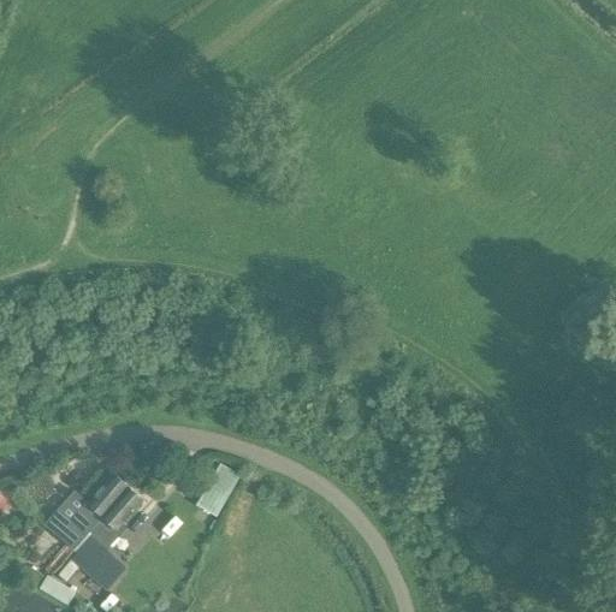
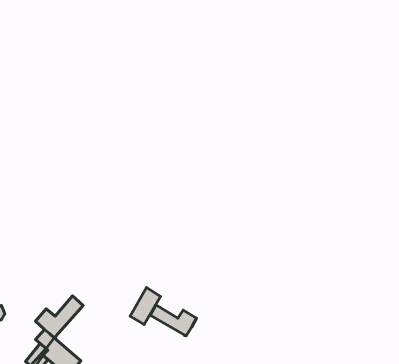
building: none -> [150,305,197,336]
building: [87,487,141,547] -> none

